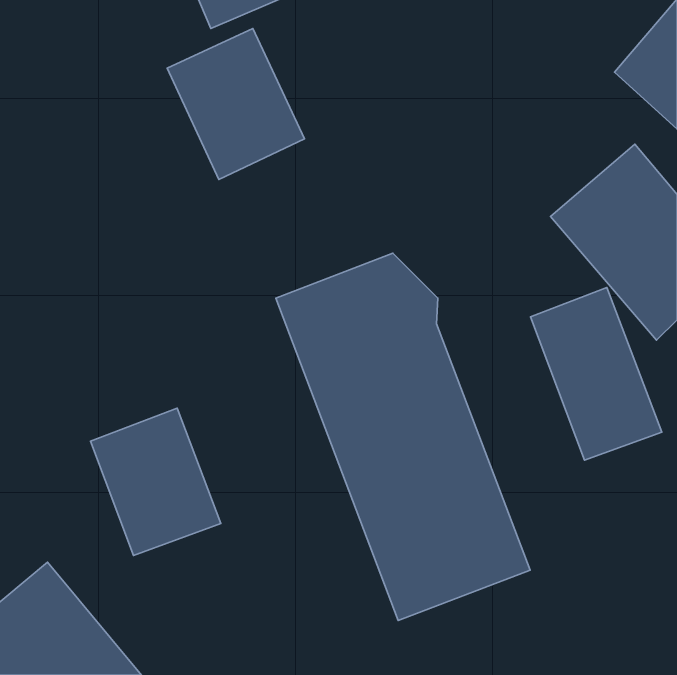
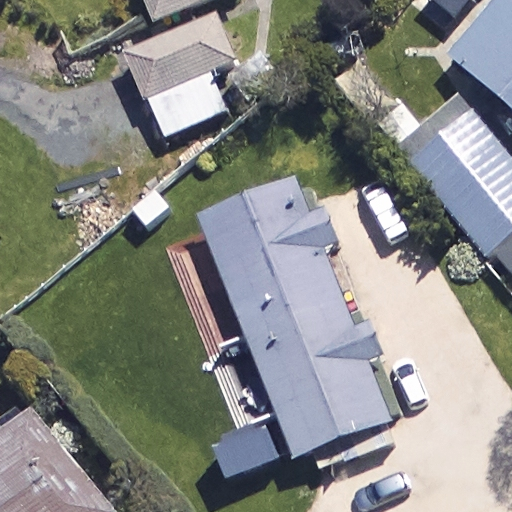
building: [531,287,662,460] -> none
building: [91,408,221,556] -> none

